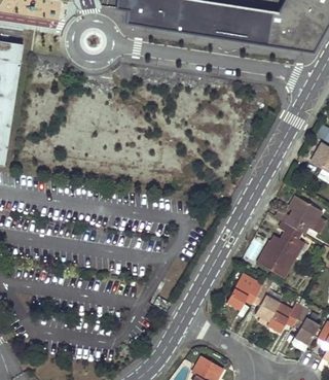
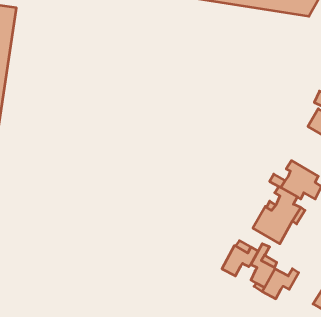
building: [294,306,319,344] -> none

